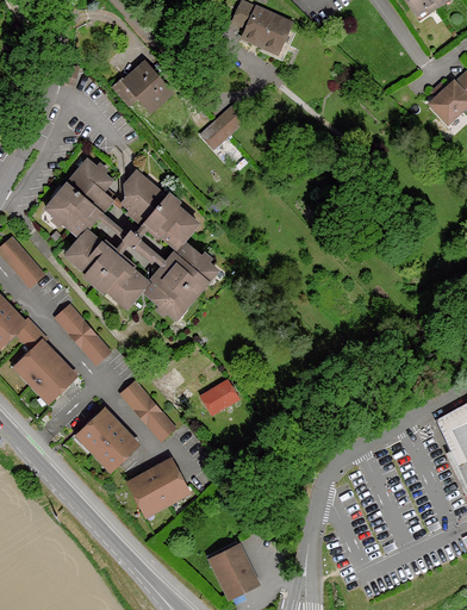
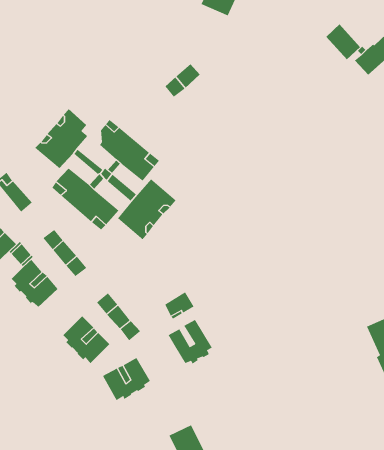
building: none -> [326,24,361,60]
building: [114,64,169,110] -> none
building: none -> [168,319,213,365]

